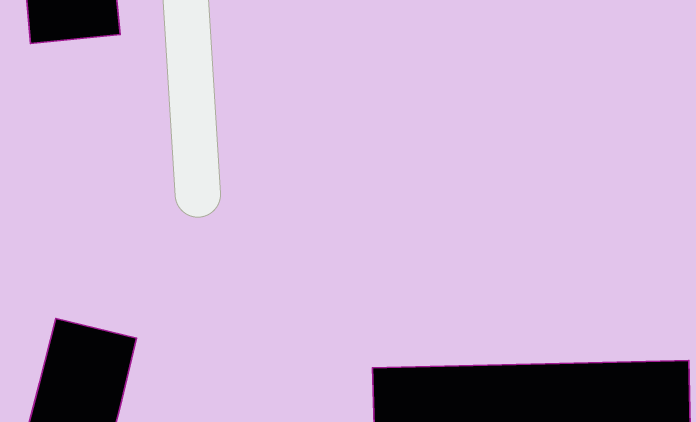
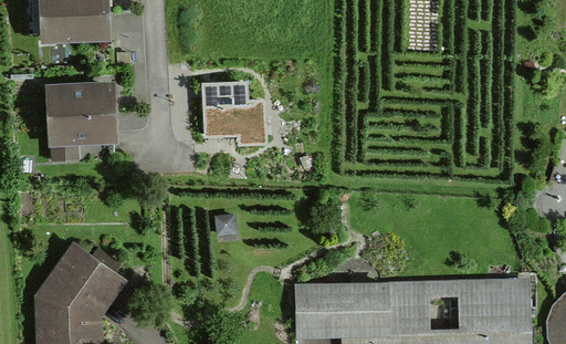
building: none -> [205,80,269,135]
building: none -> [45,84,116,140]

